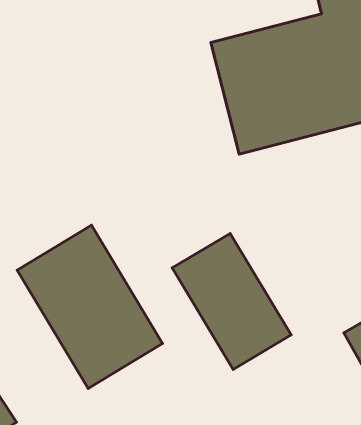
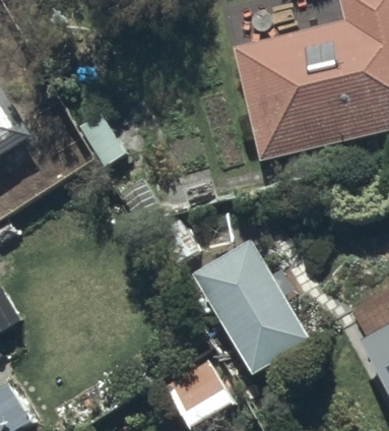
building: [17,225,163,389] -> none

